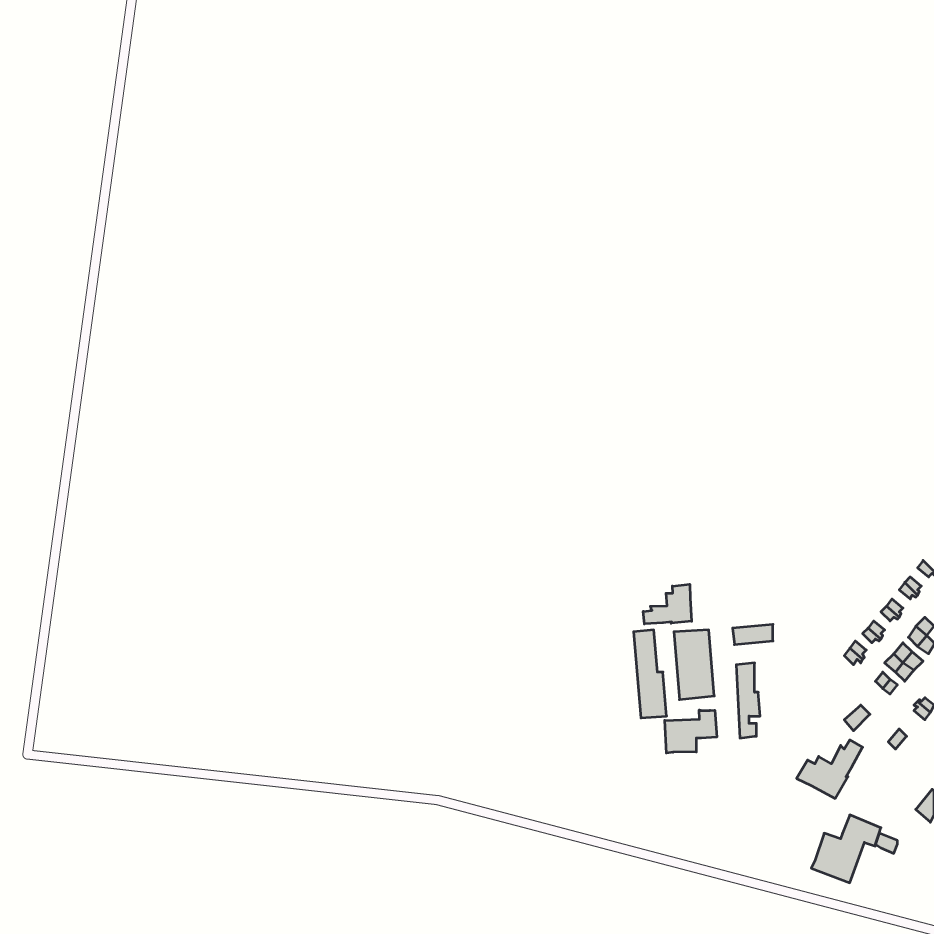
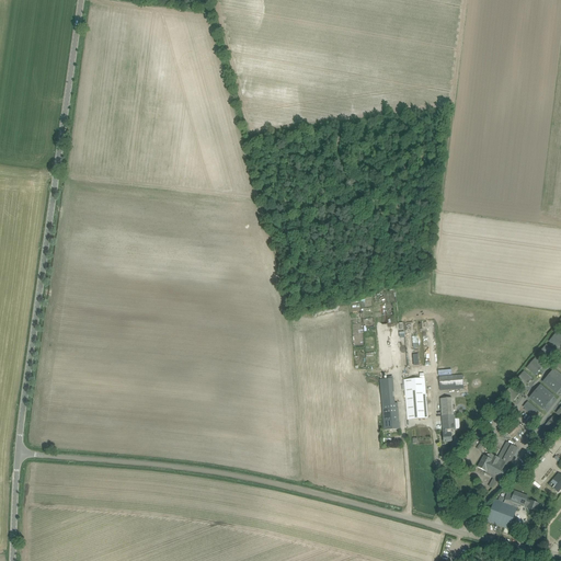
building: [643,584,692,624] -> none
building: [665,710,717,753] -> none

